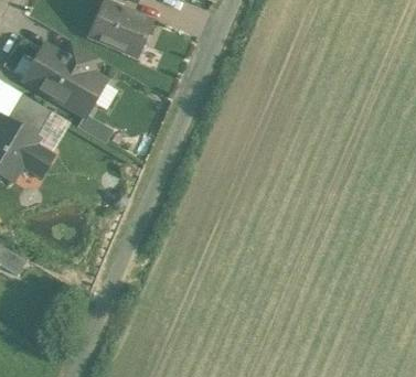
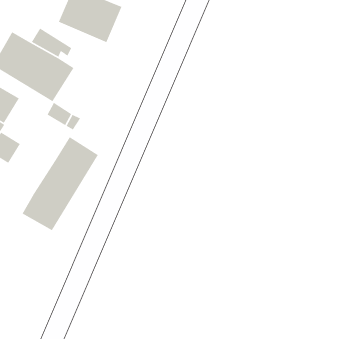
building: none -> [21,136,99,232]

